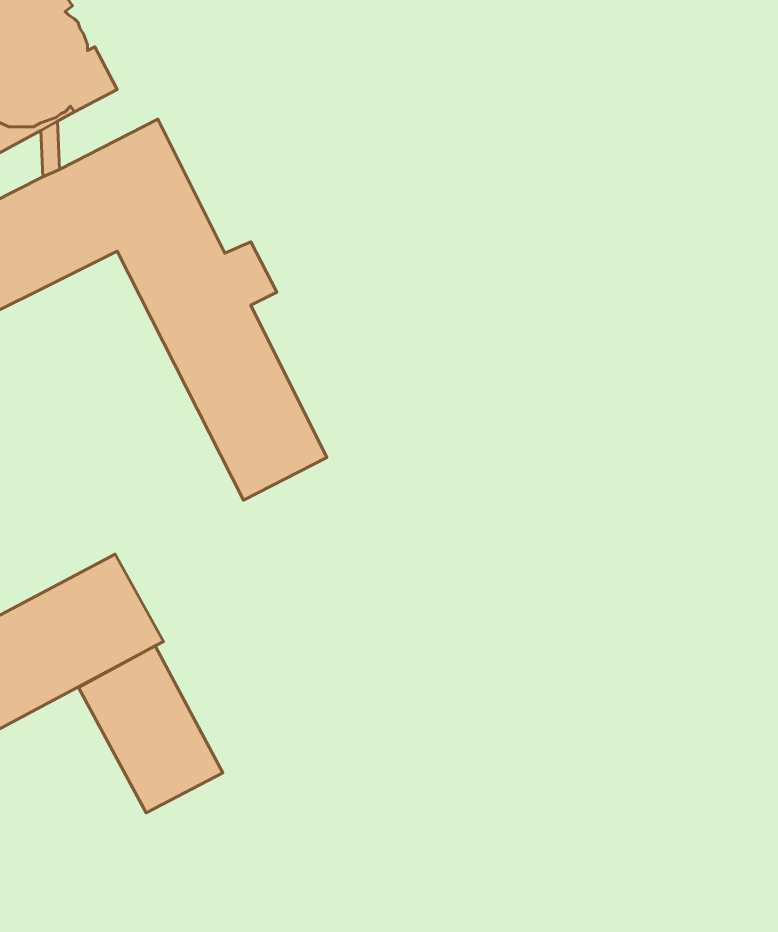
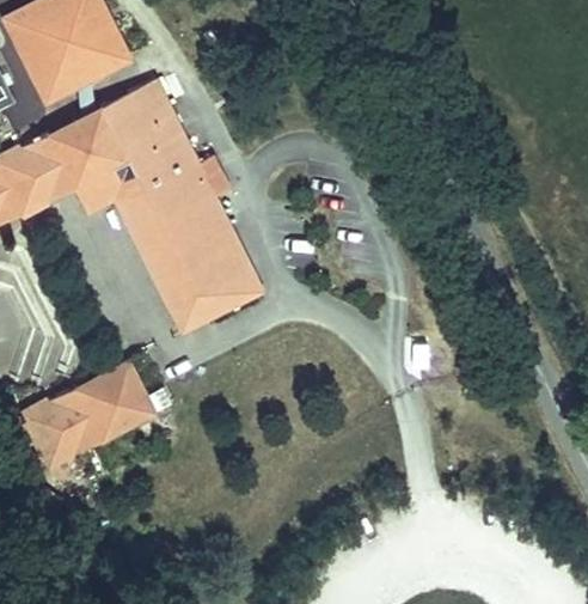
building: none -> [75,163,209,336]
building: [79,646,223,813] -> none

